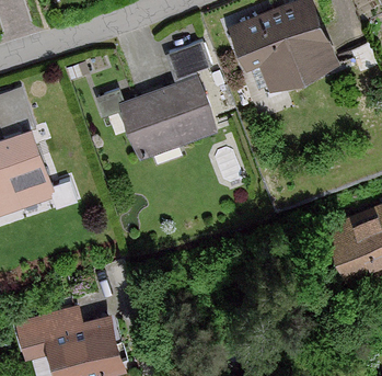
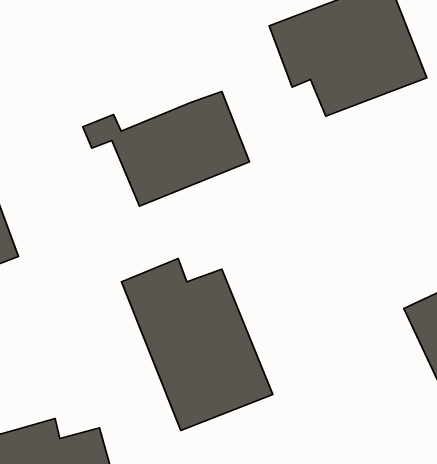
building: [164,42,212,82] -> none
building: none -> [121,258,273,431]

